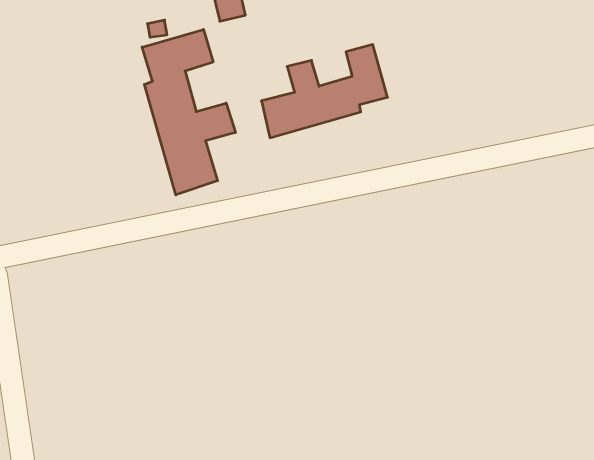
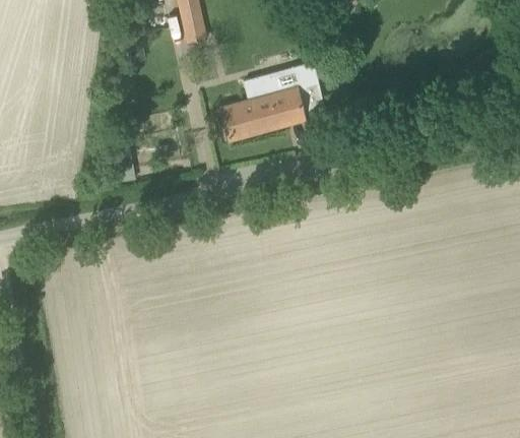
building: [142,29,235,195] -> none

